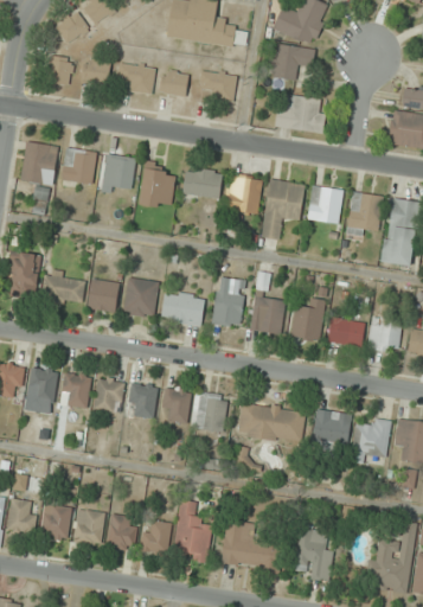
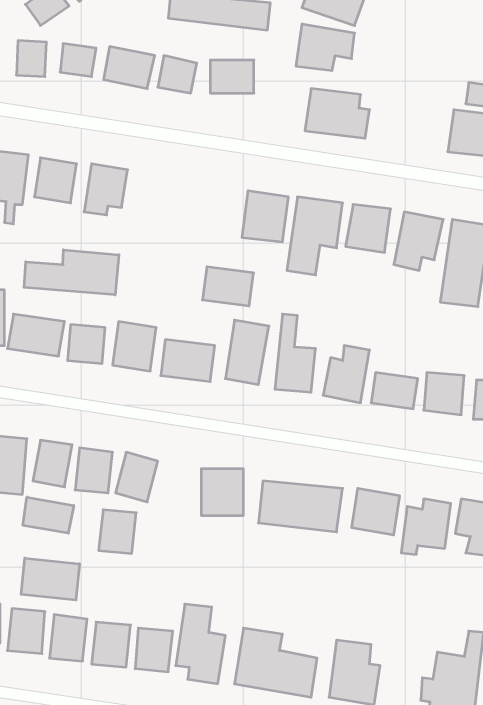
building: [139,166,175,210] -> none
building: [182,167,223,198] -> [202,267,254,306]
building: none -> [24,250,119,295]
building: [161,388,191,422] -> [99,510,136,553]
building: none -> [23,497,74,533]
building: none -> [21,558,79,600]

